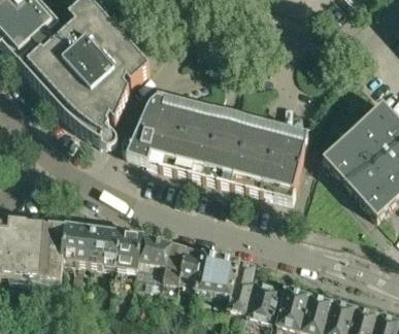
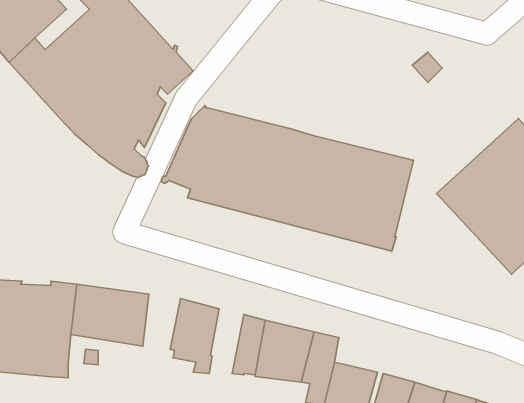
building: [111,230,138,277] -> none
building: [158,240,184,293] -> none

